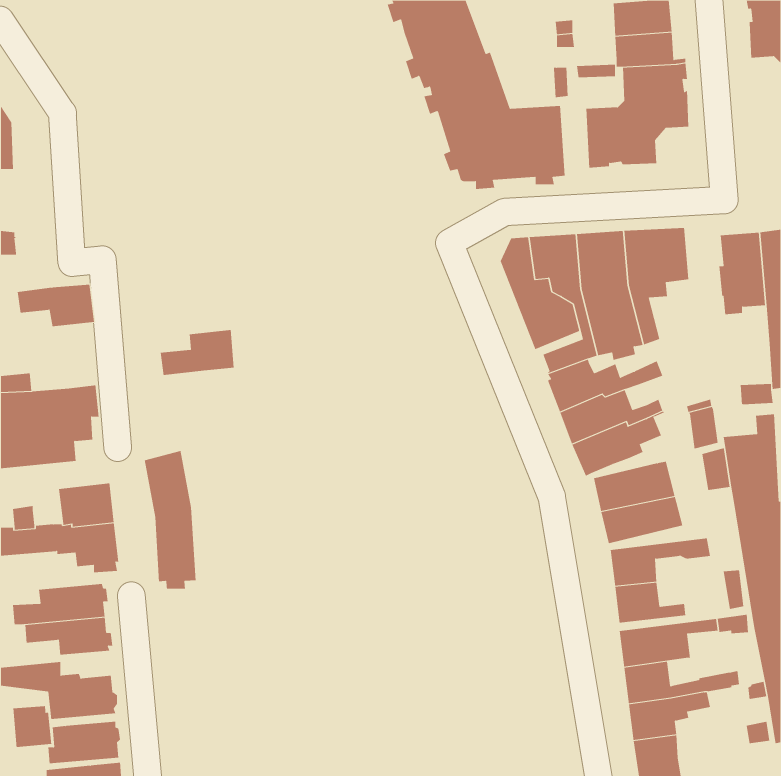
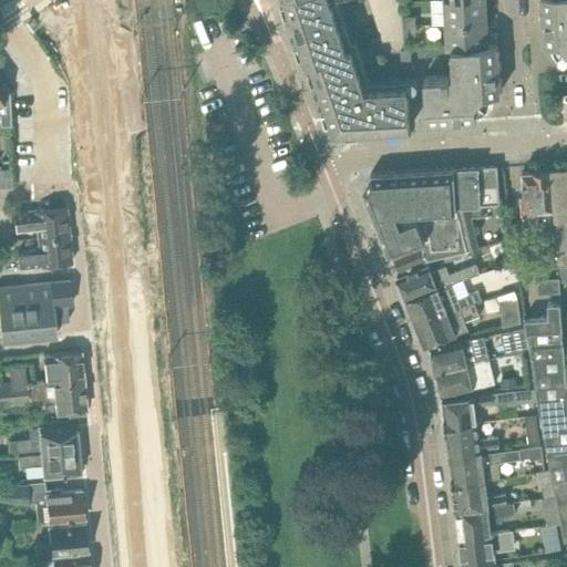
building: [160,330,235,375] -> [17,237,71,270]
building: [144,450,196,590] -> none
building: [13,705,52,748] -> none

